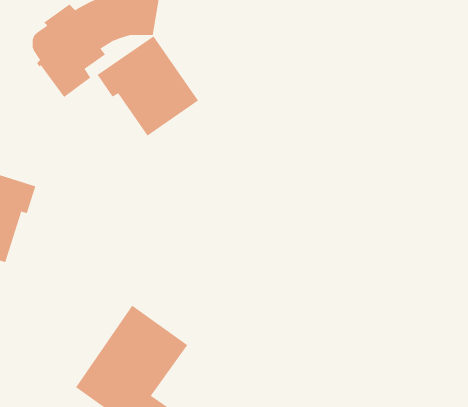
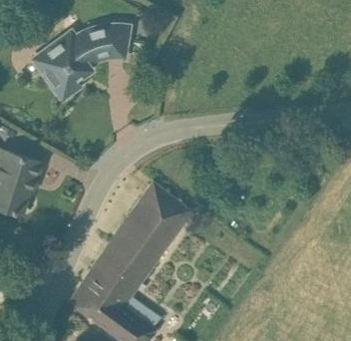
building: [97,36,199,137] -> none
building: none -> [109,189,188,273]

